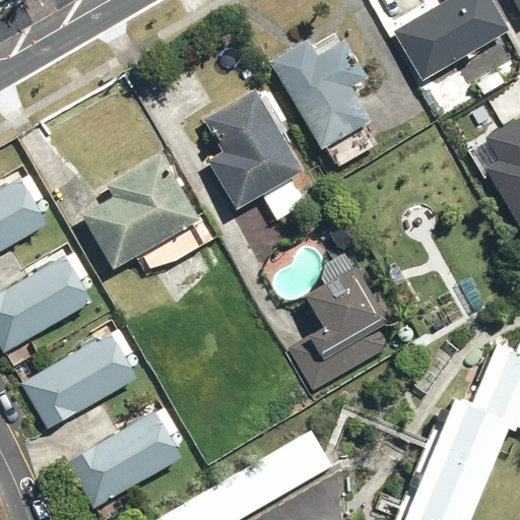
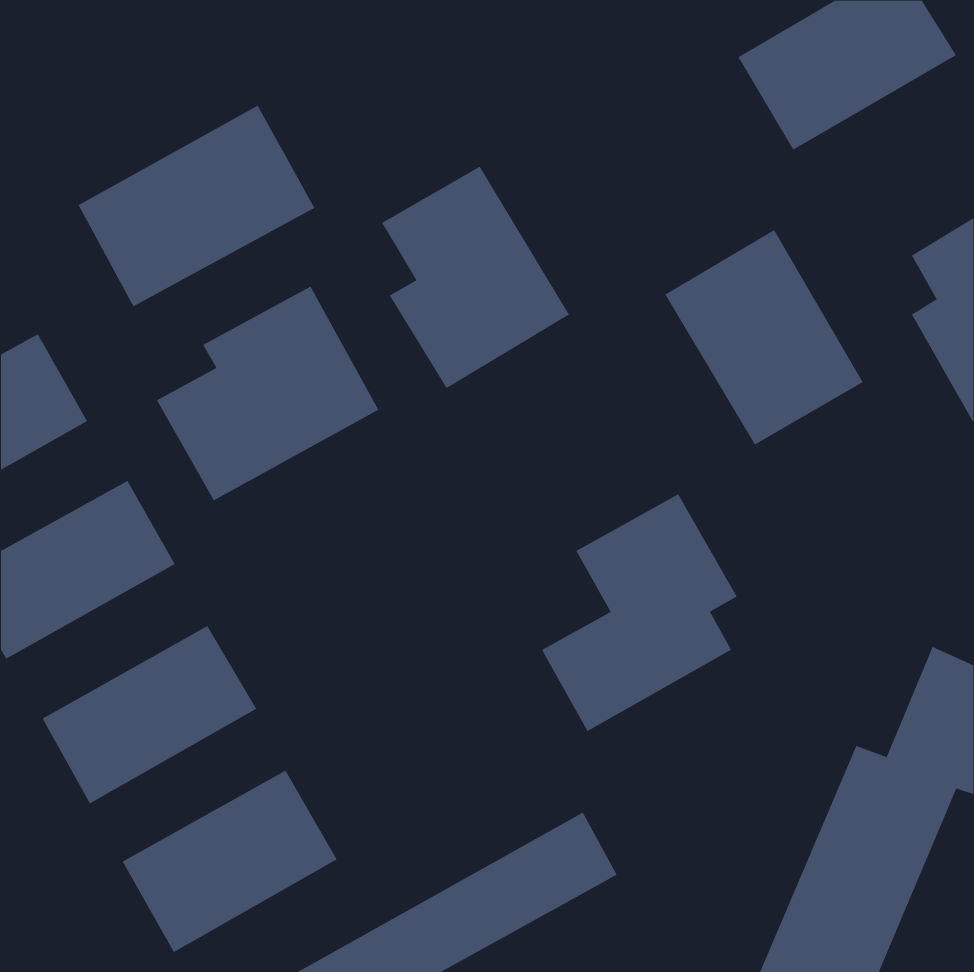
building: [269,39,372,149] -> none
building: none -> [78,105,315,307]
building: none -> [664,229,863,446]

